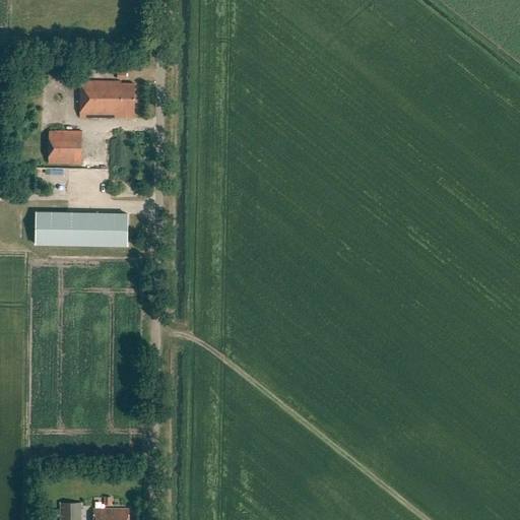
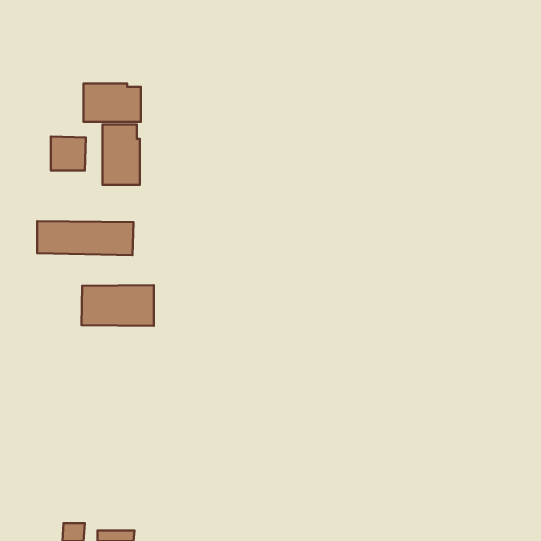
building: none -> [103,125,140,185]
building: none -> [81,285,154,326]

